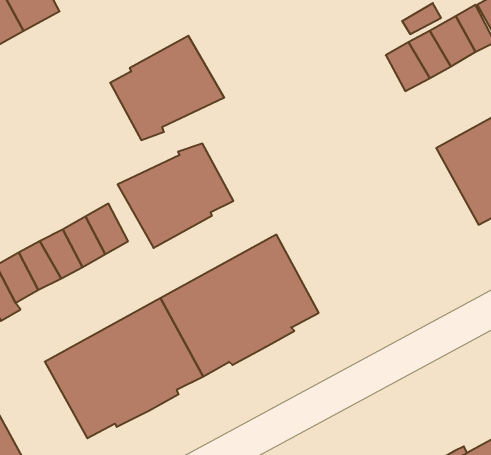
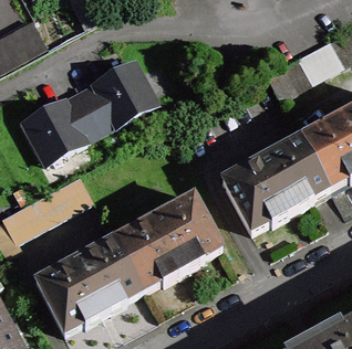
building: [118,144,233,248] -> [21,91,100,161]
building: none -> [221,135,329,230]

